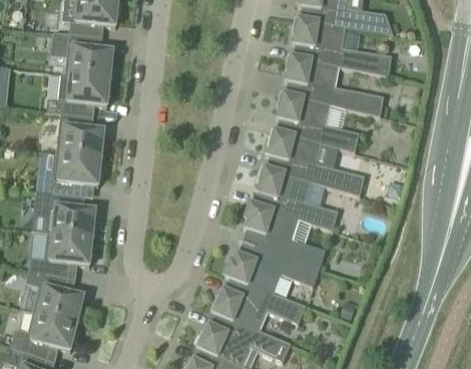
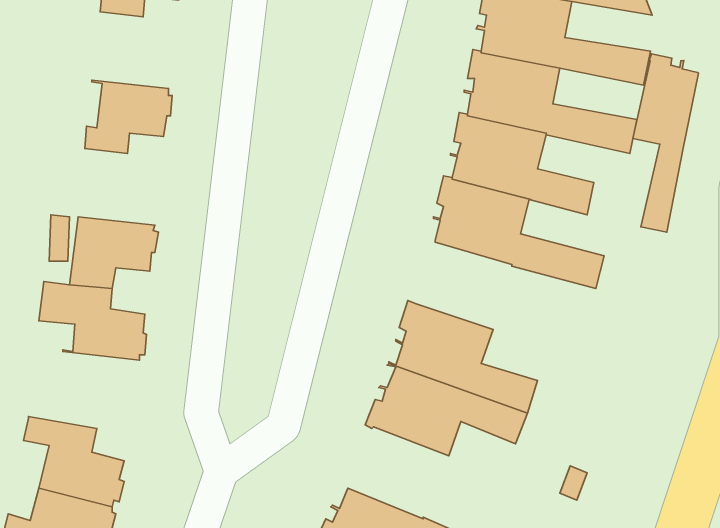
building: [49,32,113,78] -> none
building: none -> [633,54,699,232]
building: [56,113,105,158] -> none
building: [254,166,338,231] -> none
building: [27,233,94,278] -> none
building: [210,277,306,331] -> none

